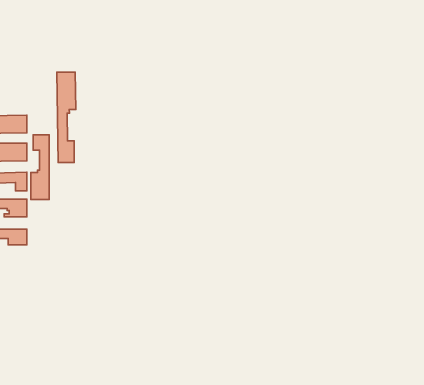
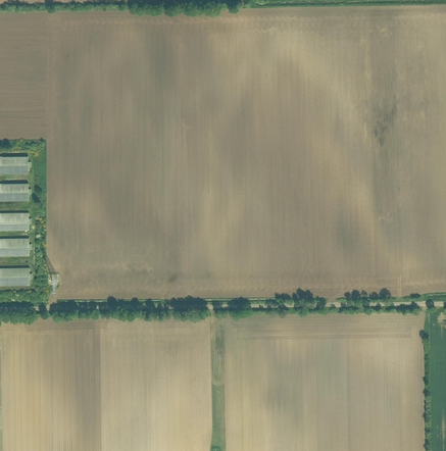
building: [57,72,76,163] -> none
building: [31,135,49,199] -> none

